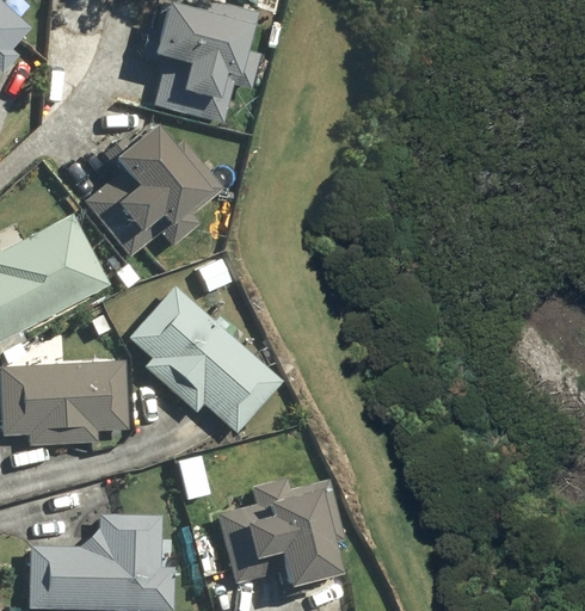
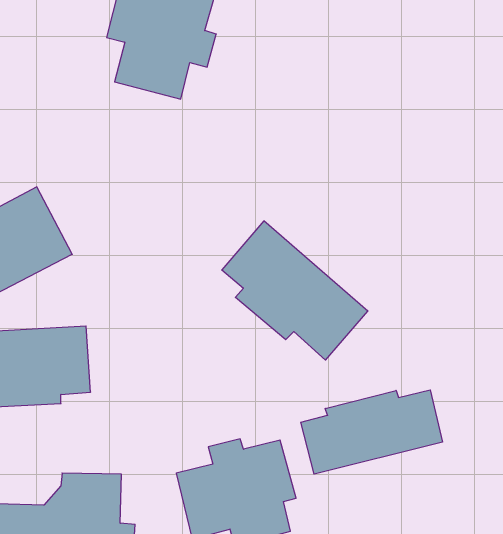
building: [86,124,223,257] -> none
building: [129,288,282,433] -> [222,221,368,360]
building: none -> [301,390,442,474]

